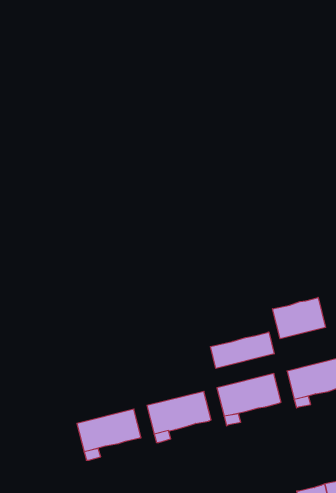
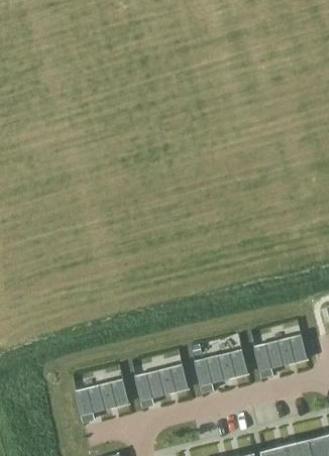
building: [273,297,326,339] -> none
building: [210,332,274,368] -> none

